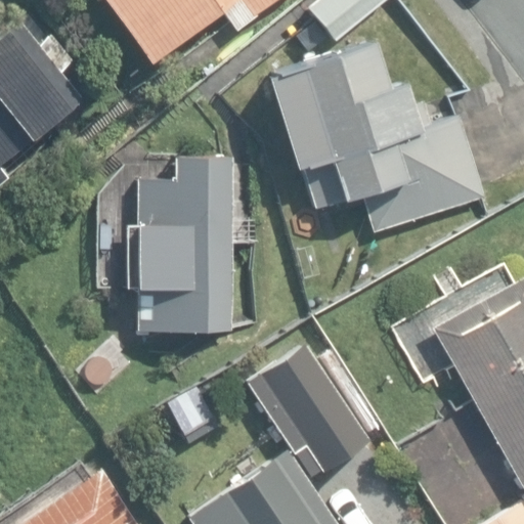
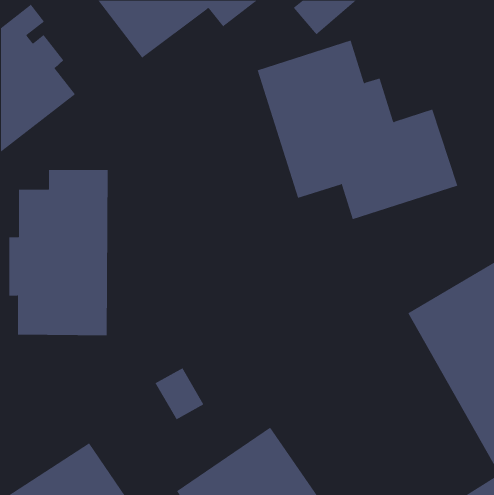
building: [128,157,233,332] -> [8,170,109,336]
building: [247,344,380,476] -> none

